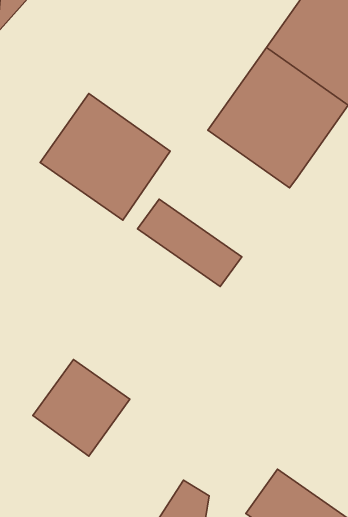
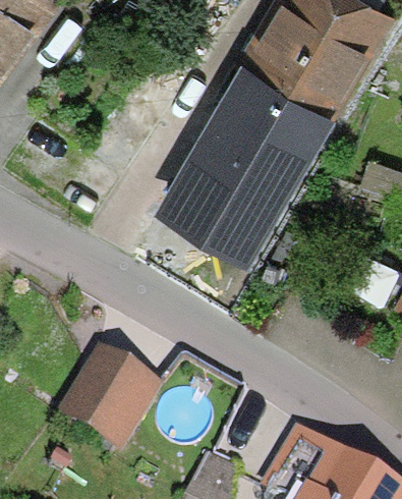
building: [40,93,170,220] -> [169,131,286,243]

